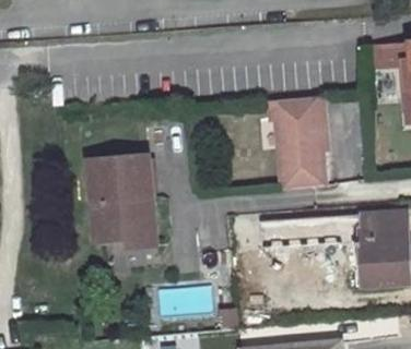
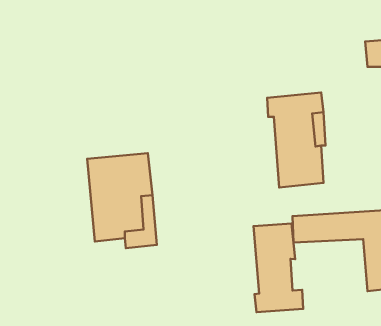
building: none -> [253,223,303,312]

